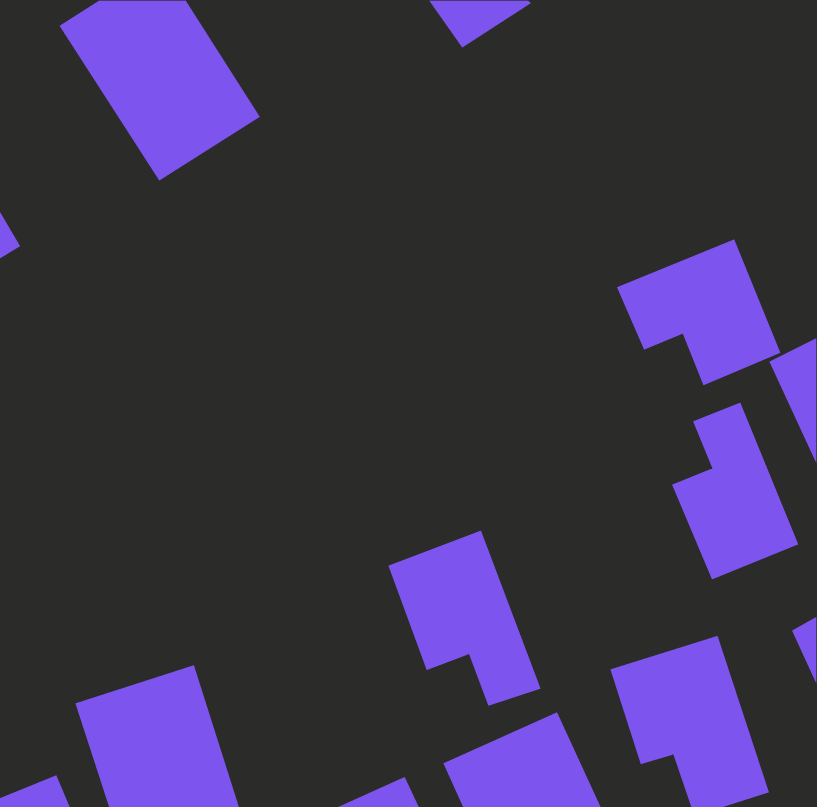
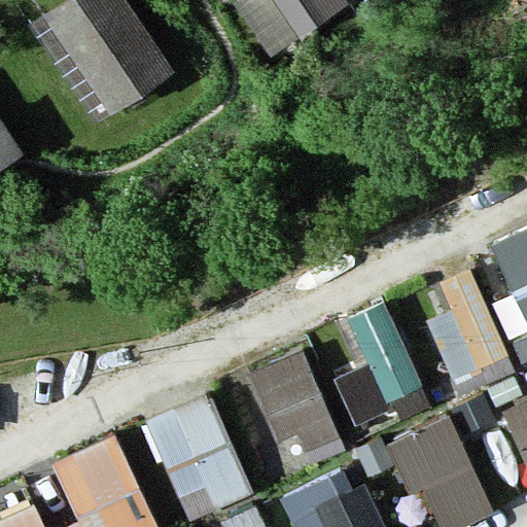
building: [616,238,781,386] -> none
building: none -> [336,302,424,419]
building: none -> [145,393,249,520]

